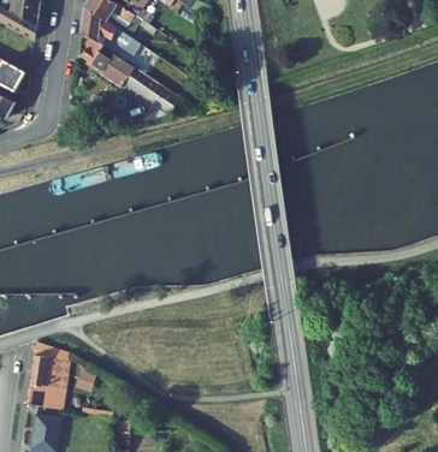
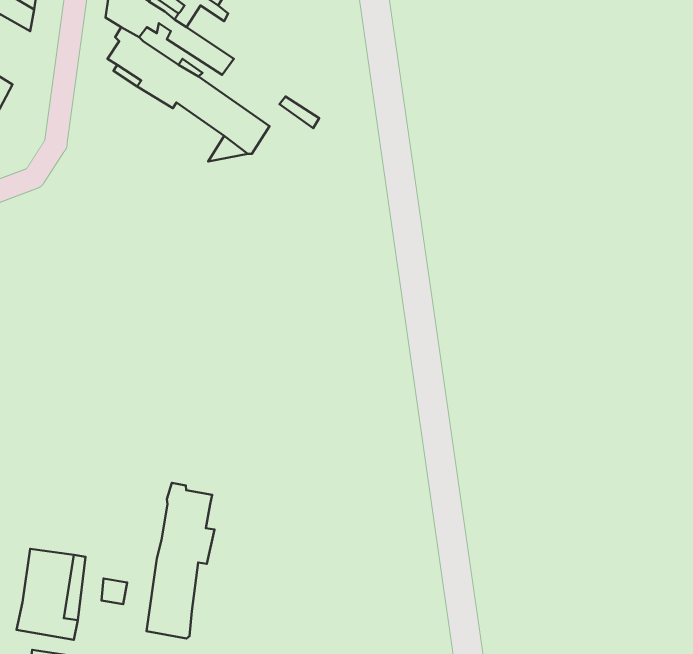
building: none -> [146,483,215,639]

